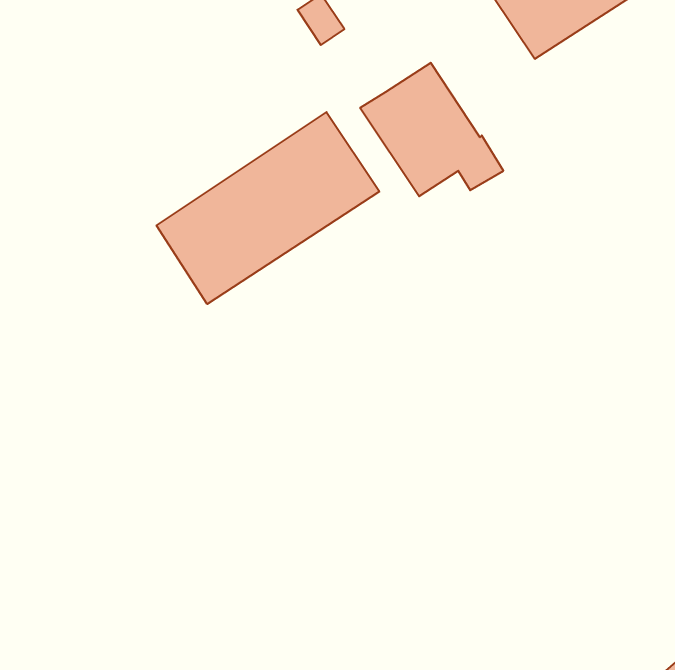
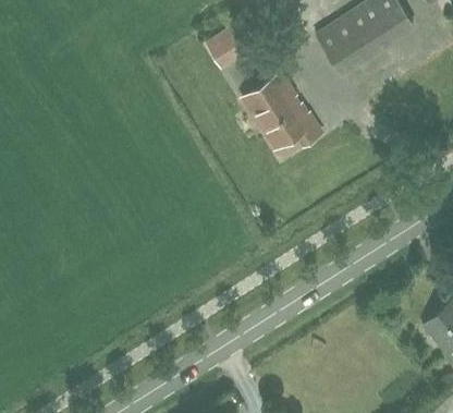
building: [157,112,379,304] -> none

